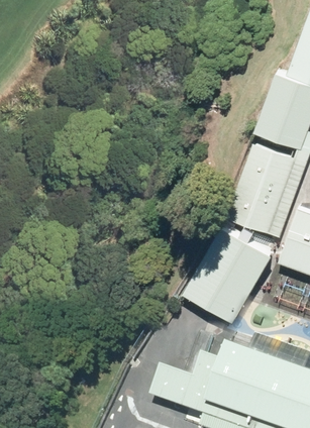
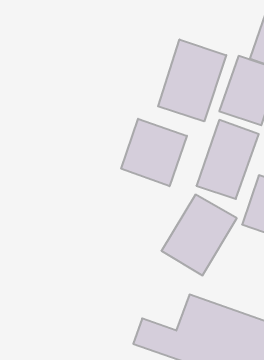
building: none -> [158,39,226,121]
building: none -> [121,119,187,186]

